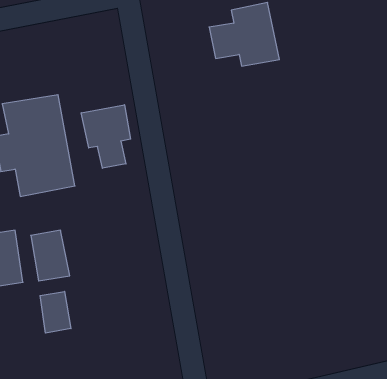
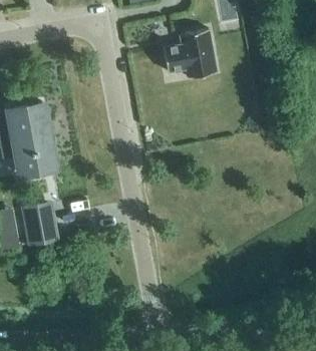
building: [81,105,131,168] -> none
building: [40,291,71,333] -> none

